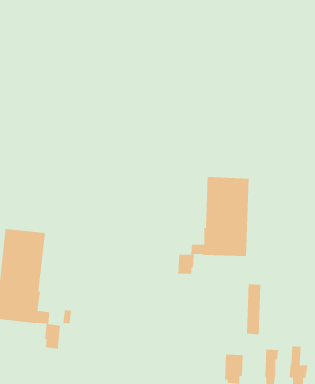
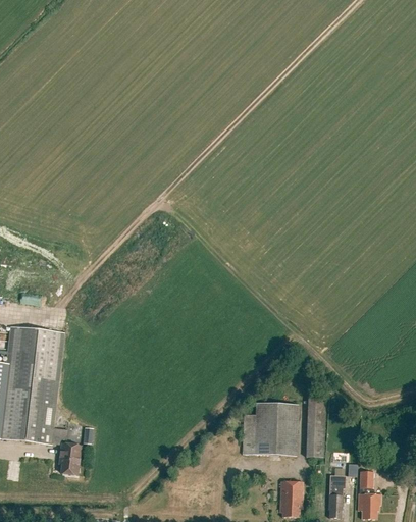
building: [178,176,249,275] -> none
building: none -> [243,403,298,456]

